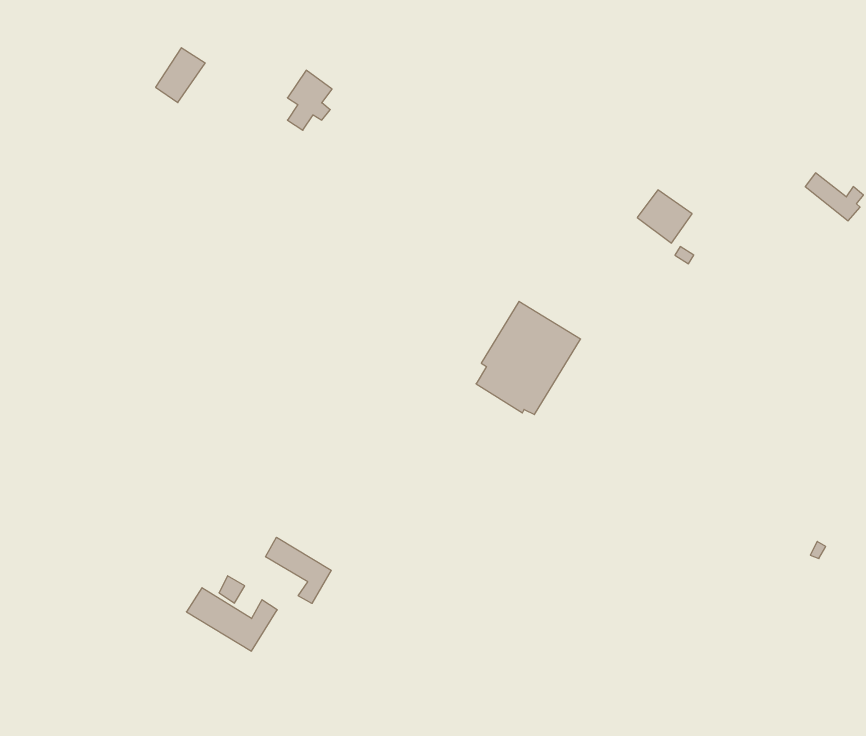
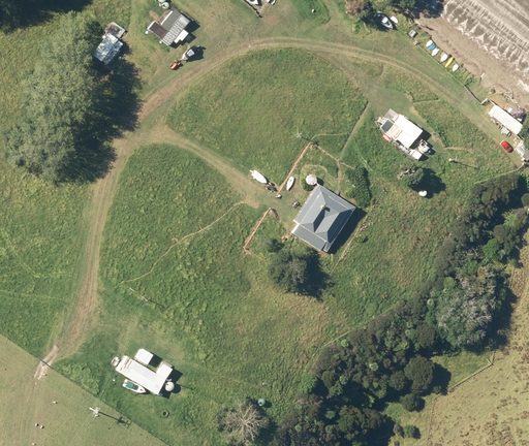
building: [287,70,332,130] -> [161,9,188,45]
building: [266,537,331,603] -> none

